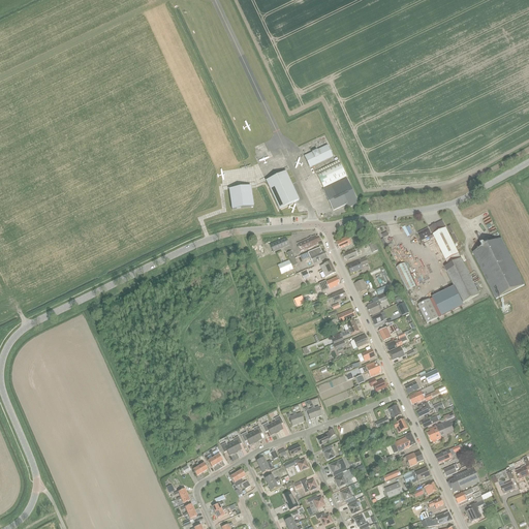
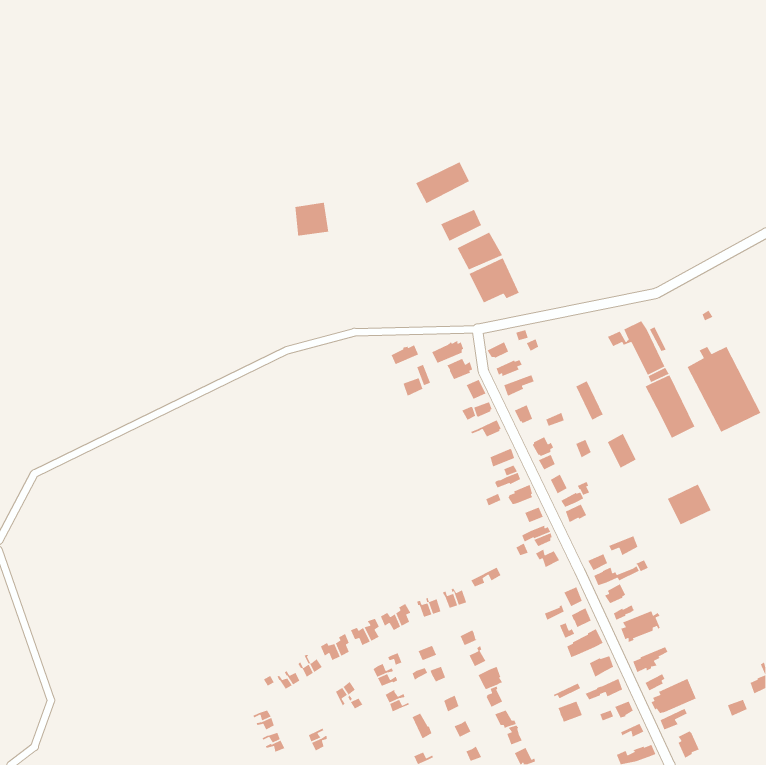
building: none -> [415,161,470,204]
building: [266,170,299,208] -> none
building: [228,184,252,208] -> [295,202,329,237]
building: [431,285,462,314] -> [667,483,712,525]

